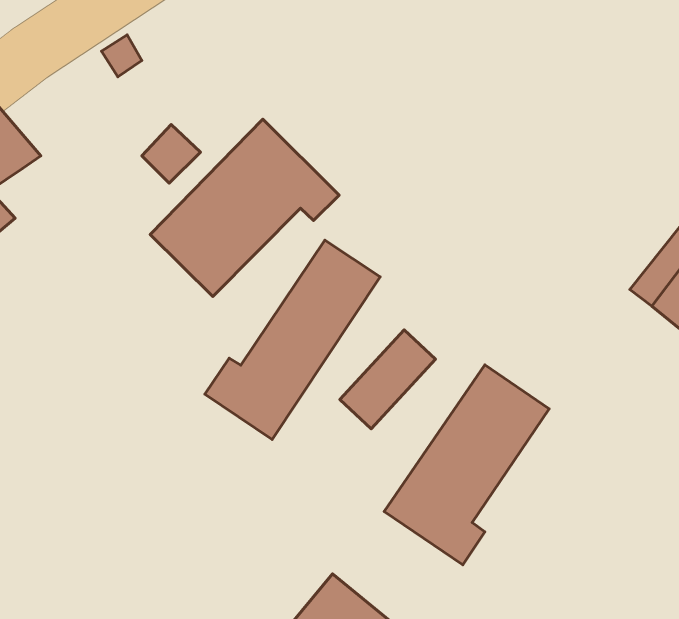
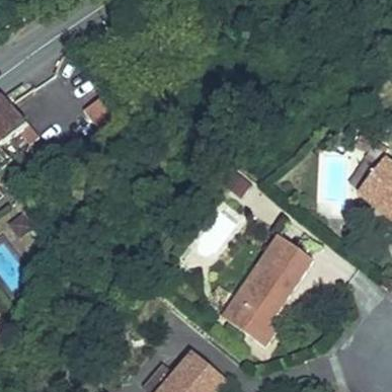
building: [150,119,339,296] -> none
building: [205,240,380,439] -> none

